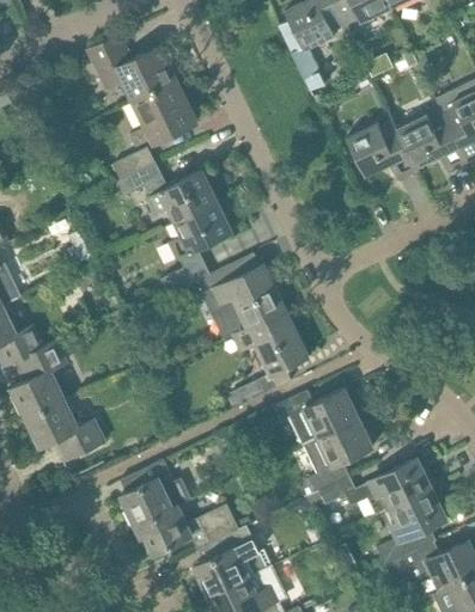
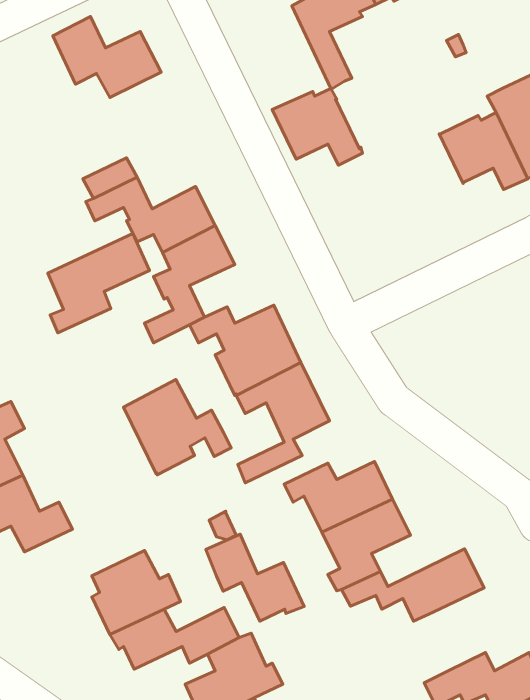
building: [129,79,196,147] -> none
building: [346,120,418,180] -> [272,89,362,165]
building: none -> [48,233,150,333]
building: none -> [123,379,231,475]
building: none -> [206,534,304,621]
building: [377,489,446,564] -> none

